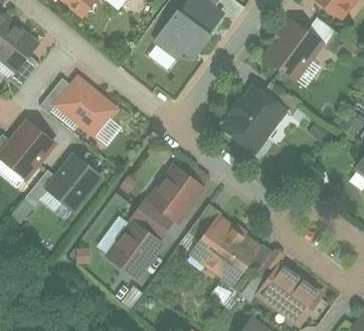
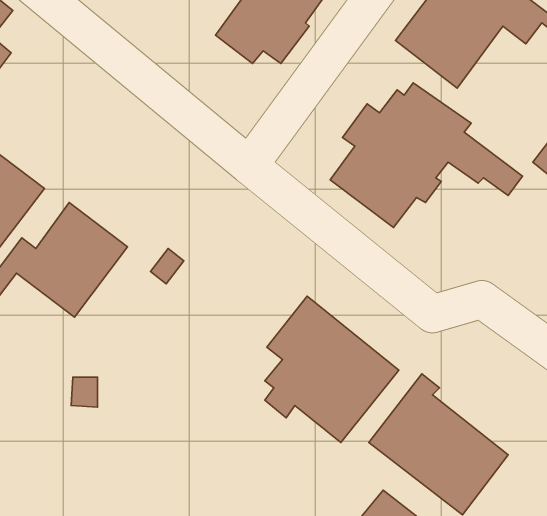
building: [40,71,123,145] -> none
building: [102,160,208,282] -> none

